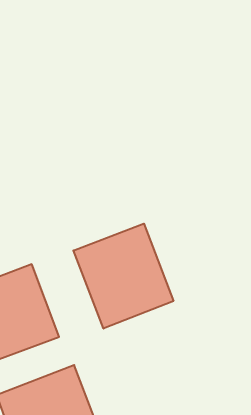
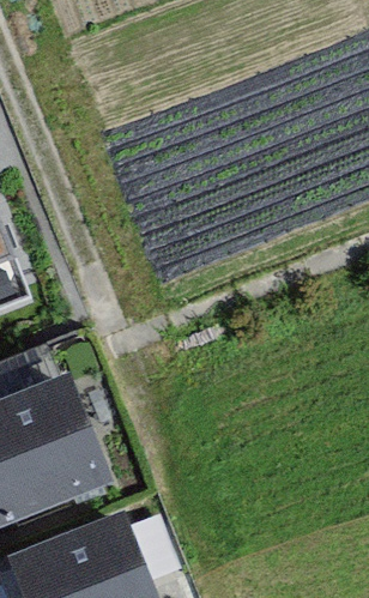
building: [73,224,173,329] -> none

